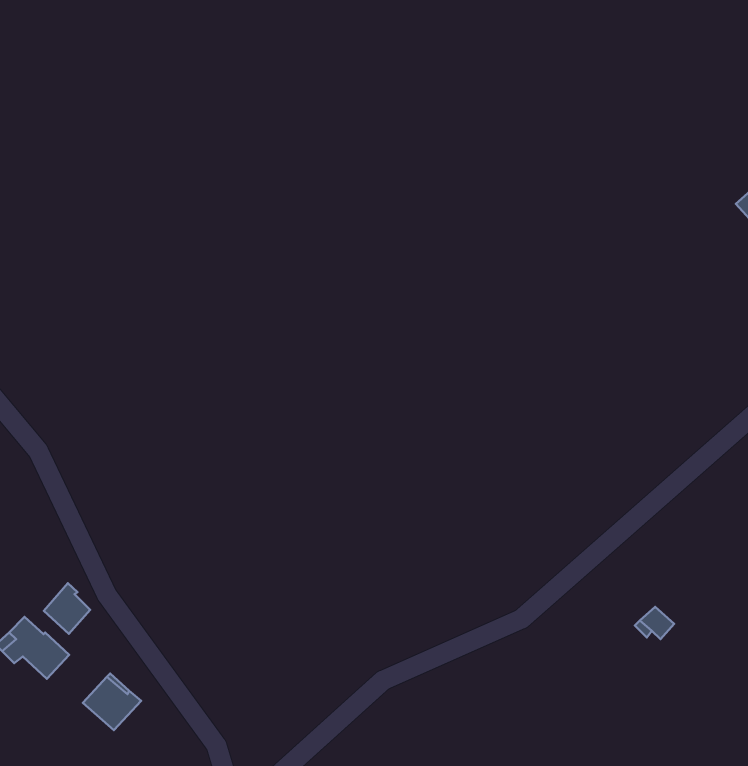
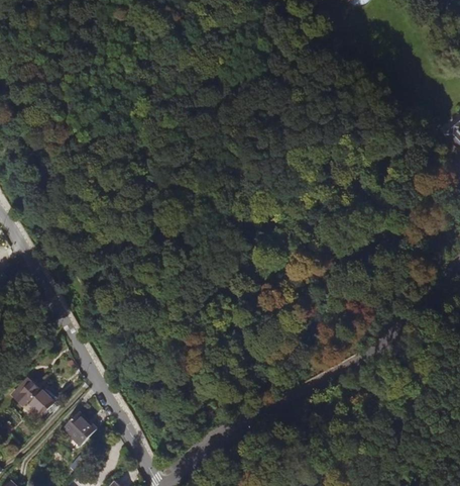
building: [44,583,90,634] -> none

